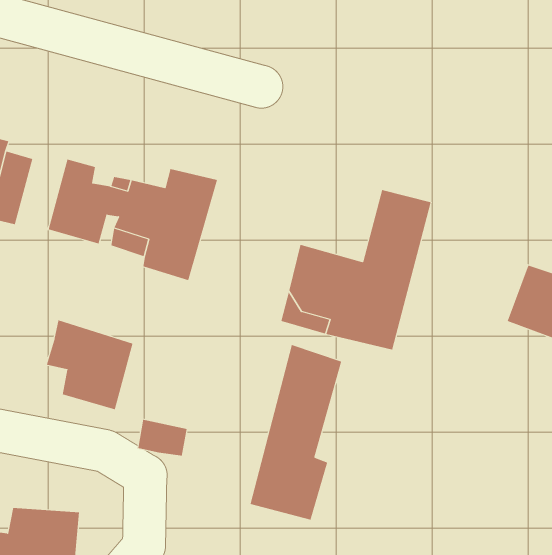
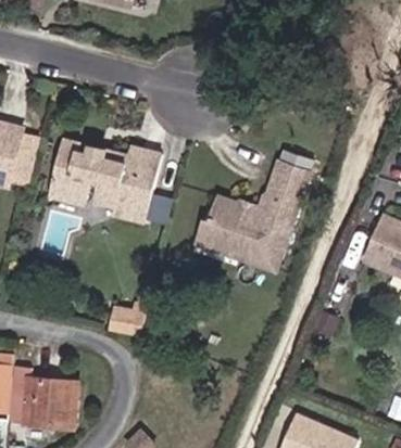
building: [46,320,133,410] -> none
building: [250,344,342,520] -> none

